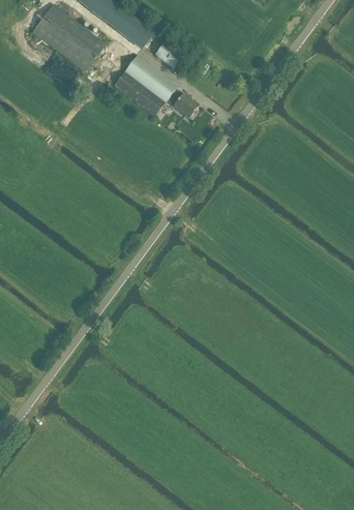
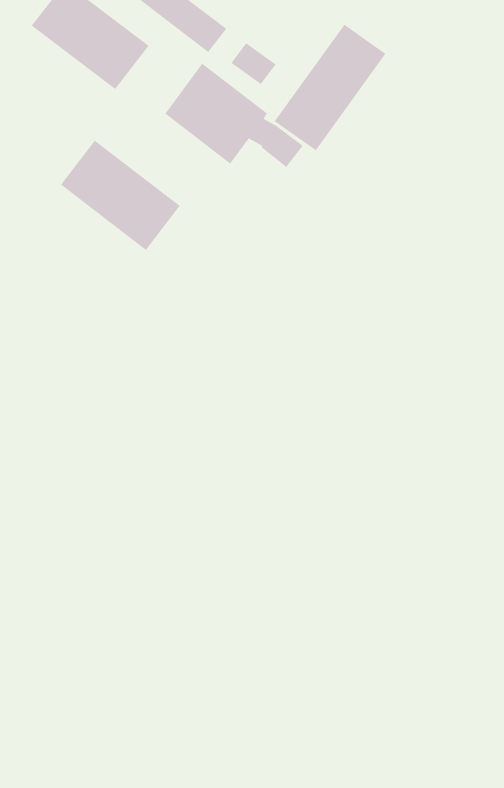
building: none -> [274,24,386,151]
building: none -> [60,140,180,251]

